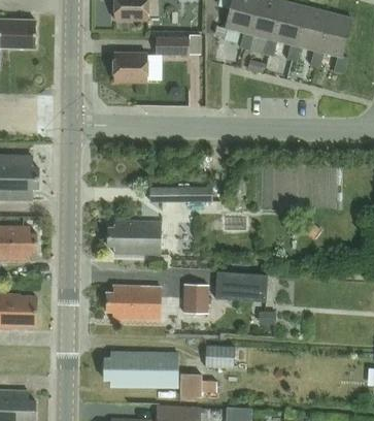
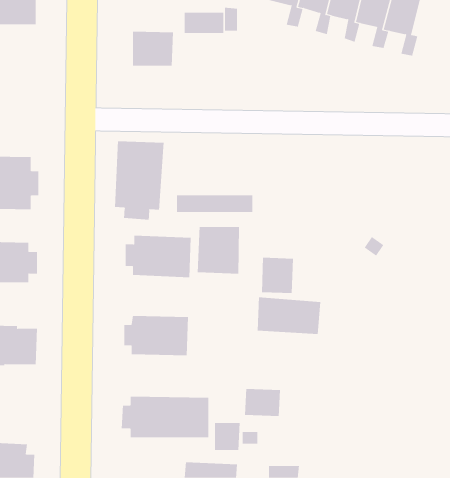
building: none -> [114,141,164,220]
building: none -> [197,226,239,275]
building: [182,284,209,314] -> [261,257,294,294]

